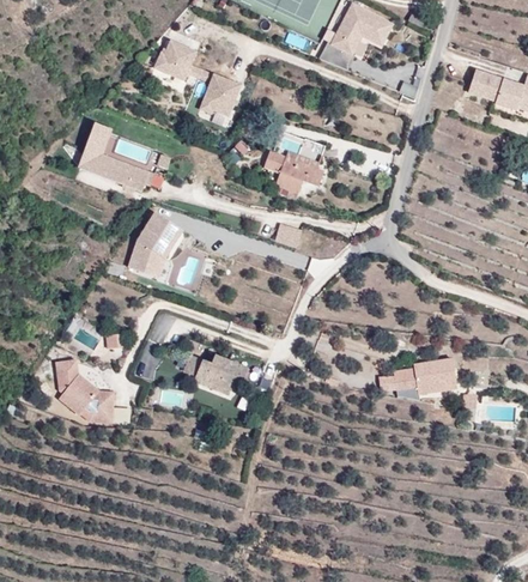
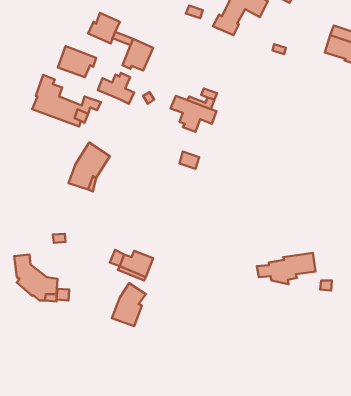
building: none -> [58,46,96,77]
building: none -> [98,73,134,104]
building: none -> [112,283,146,326]

